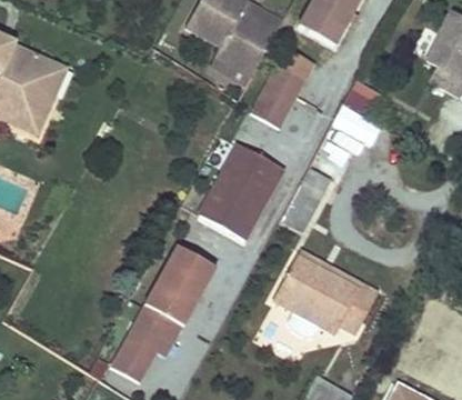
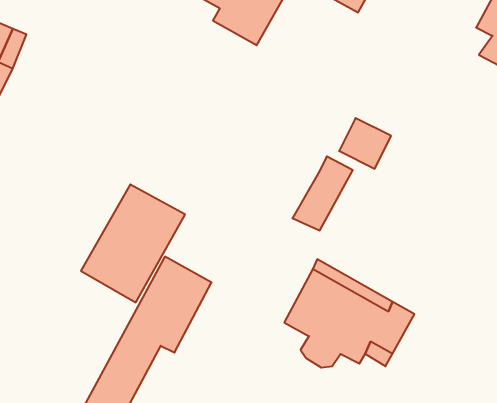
building: [248,48,313,129] -> none
building: [201,141,285,237] -> [81,184,185,302]

